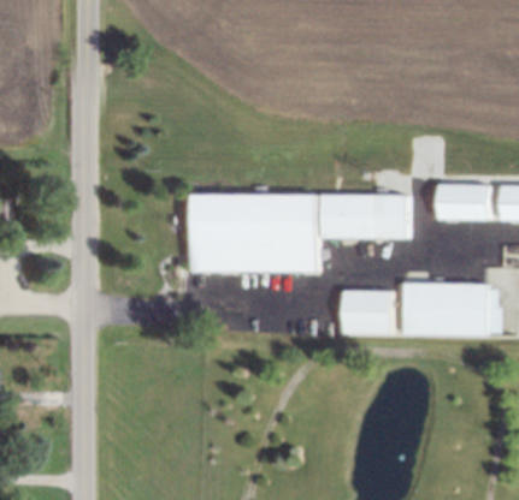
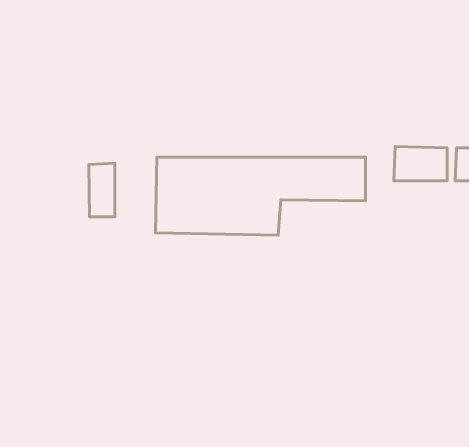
building: none -> [89,163,115,217]
building: [344,281,505,335] -> none

